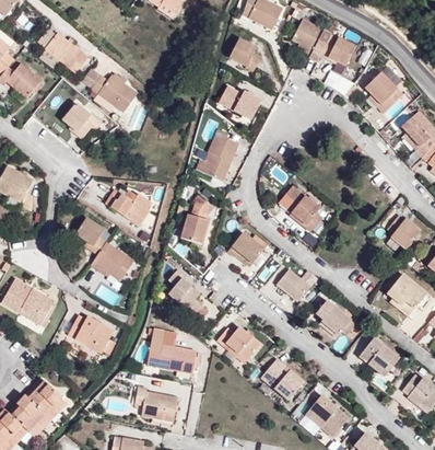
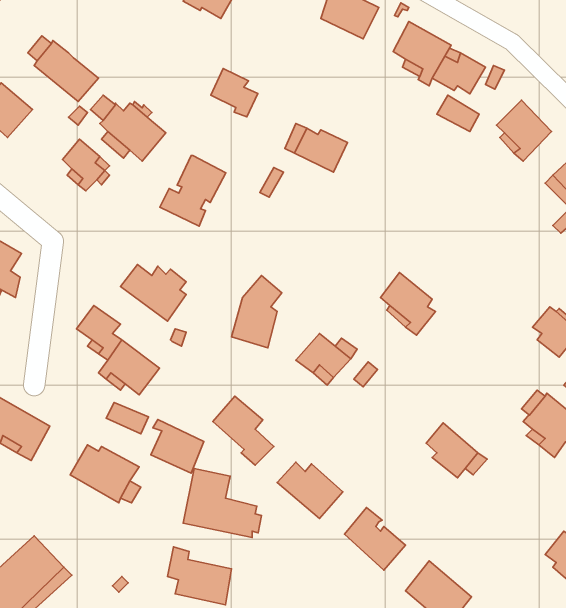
building: [231,39,263,73] -> [211,68,258,117]
building: [195,137,240,186] -> [160,156,226,226]
building: [277,266,311,300] -> none
building: none -> [151,420,204,473]
building: [361,336,401,377] -> none

